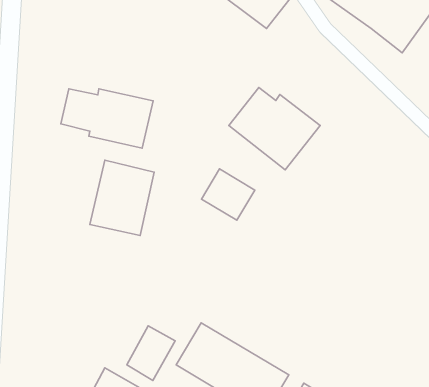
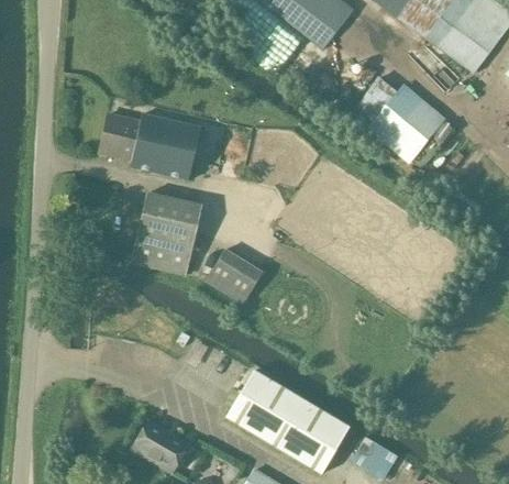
building: [229,87,320,170] -> [352,74,452,164]
building: [202,169,255,220] -> [206,248,264,304]
building: [127,326,175,380] -> none

